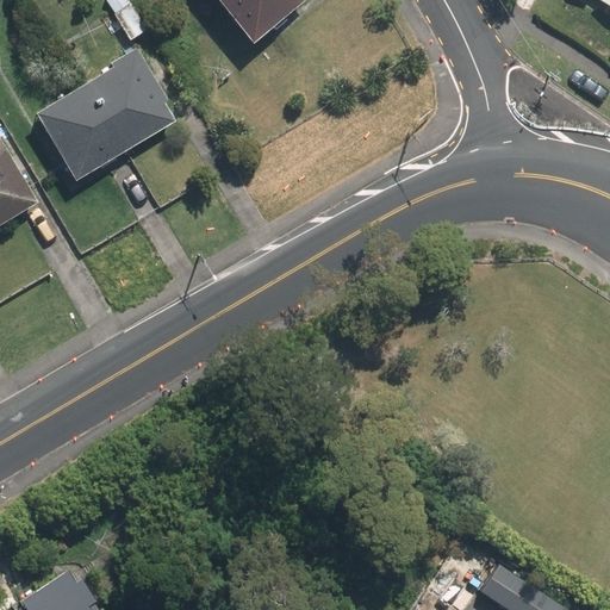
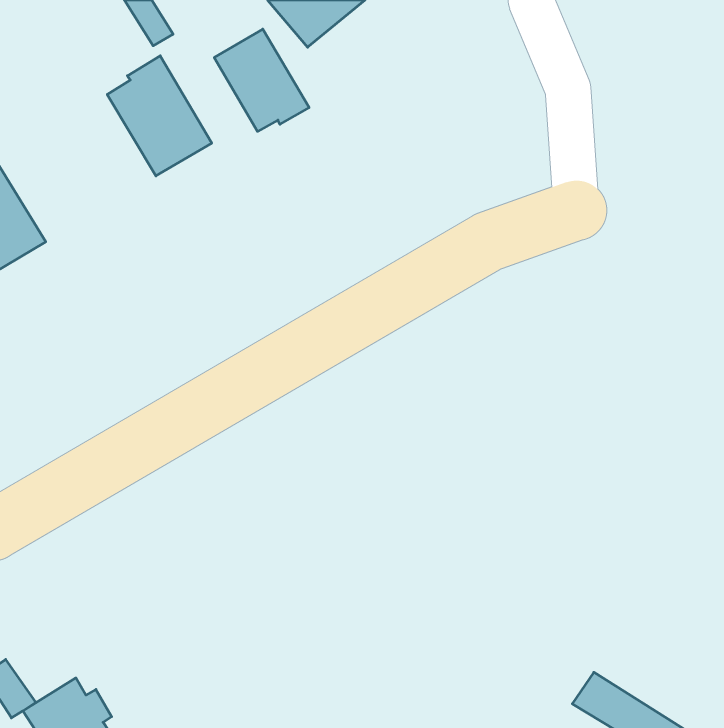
building: none -> [214,29,309,131]
building: [37,81,130,180] -> none

